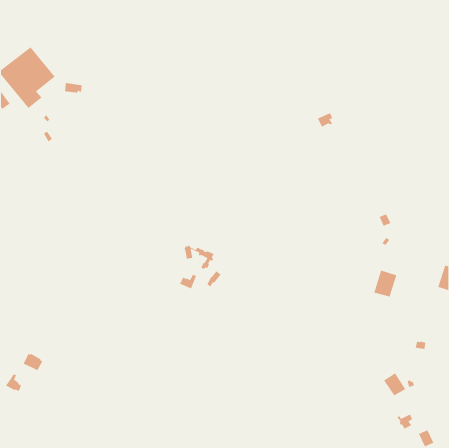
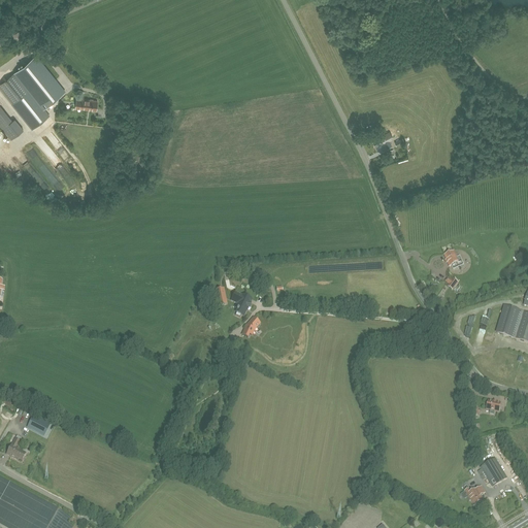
building: [373,270,397,297] -> [494,305,522,337]
building: [383,373,406,396] -> [481,458,507,486]

